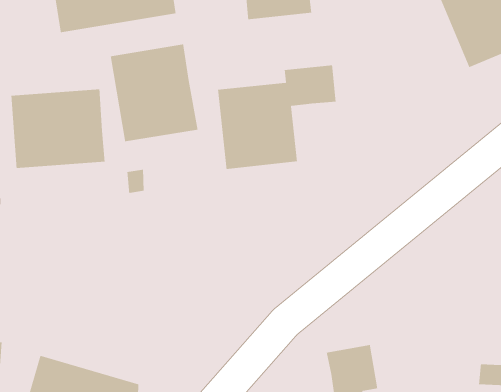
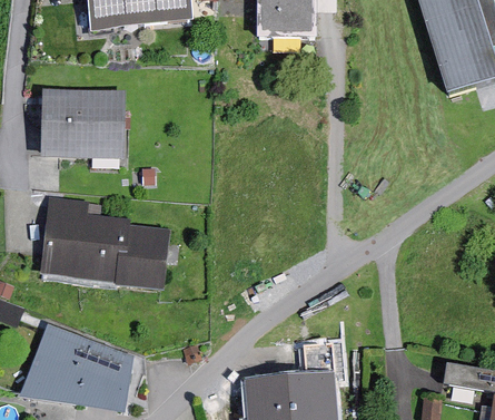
building: [110,44,198,142] -> none
building: [217,64,337,170] -> none
building: none -> [44,197,167,286]

